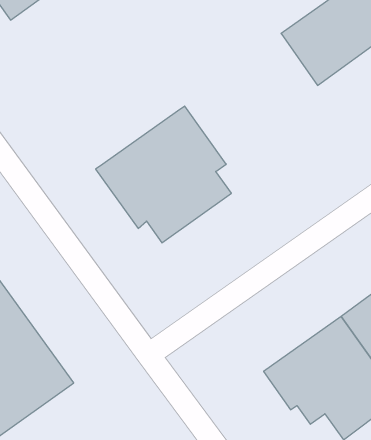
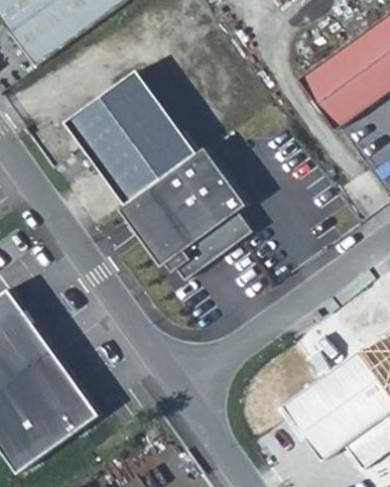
building: none -> [68,69,200,203]

